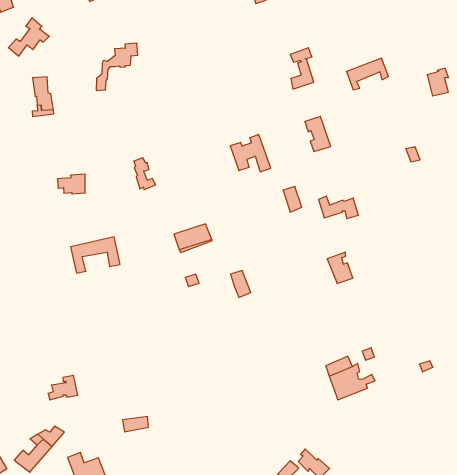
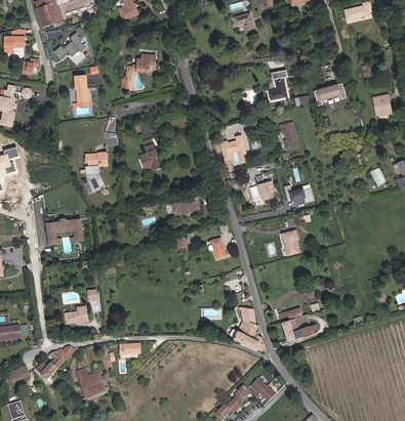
building: [71,237,120,273] -> [46,219,83,245]
building: none -> [234,307,265,351]

